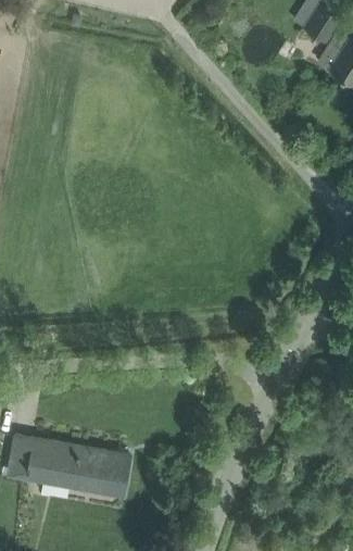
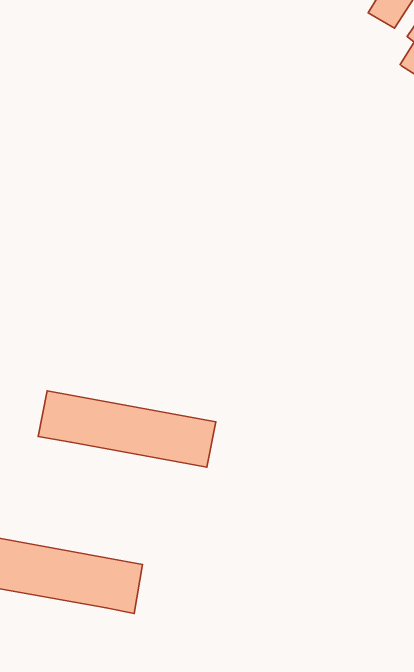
building: none -> [38,391,216,467]

